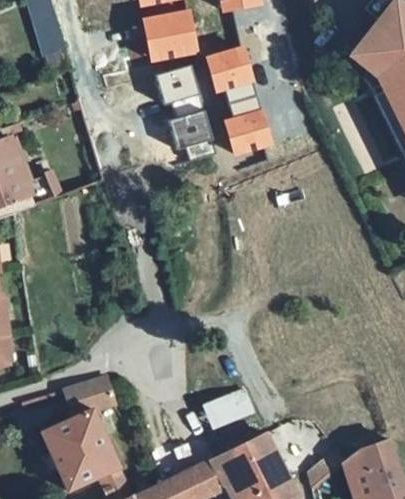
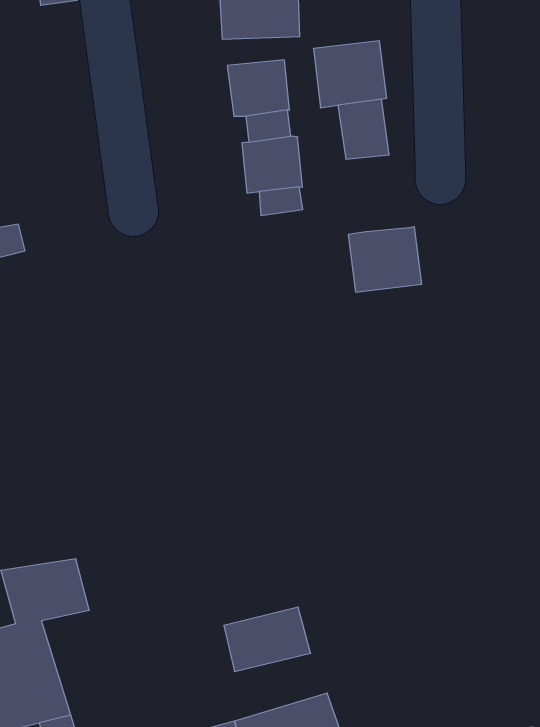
building: [225,112,272,155] -> [348,227,422,292]

